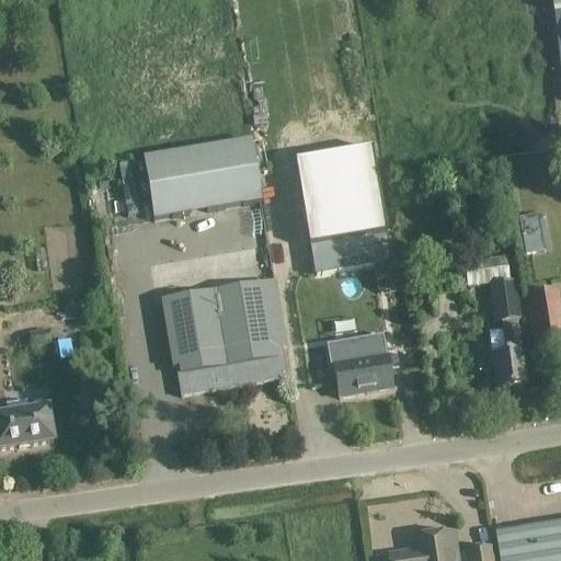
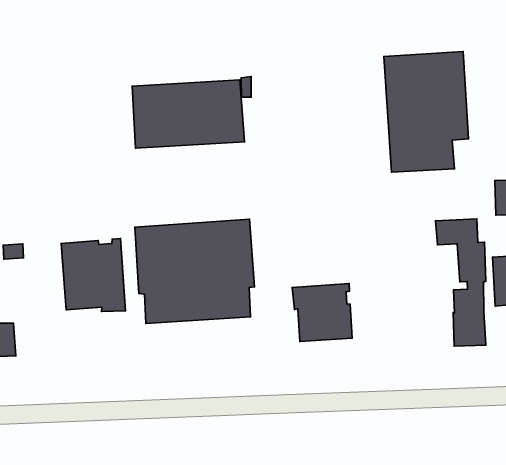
building: [293,142,387,272] -> [384,52,468,172]
building: none -> [61,238,125,312]

